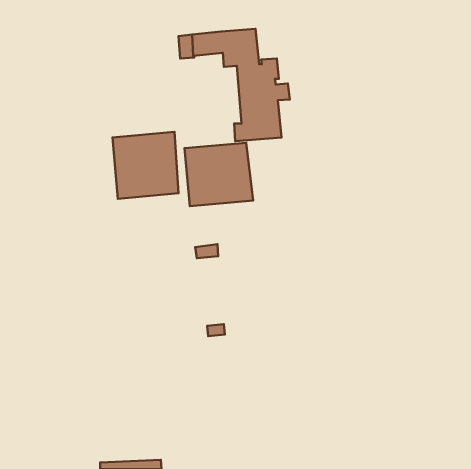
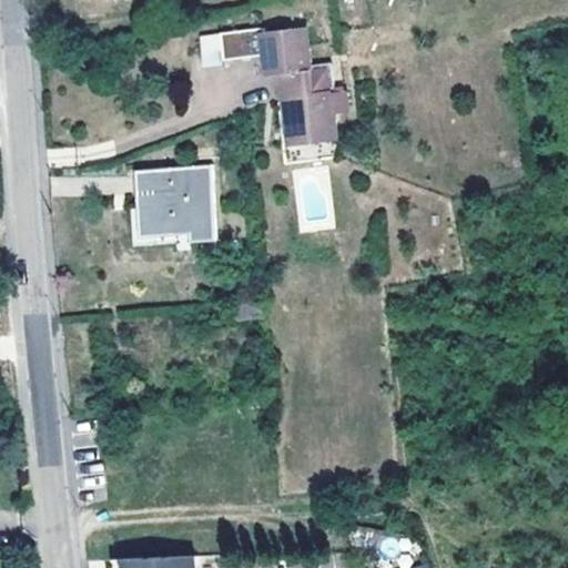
building: [185,143,253,206] -> none

